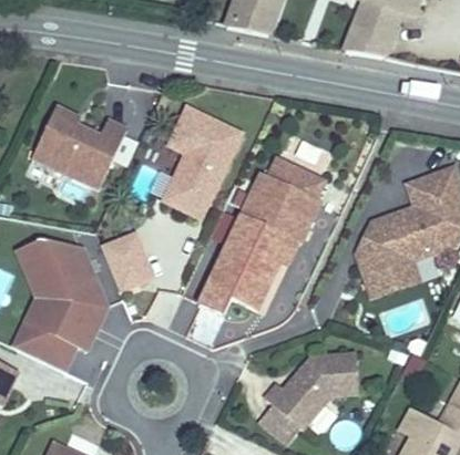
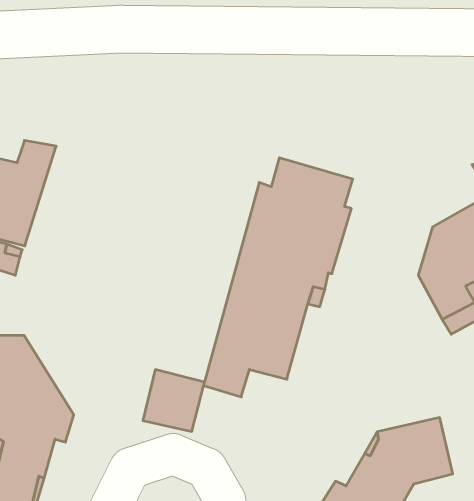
building: [164,107,239,215] -> none
building: [101,232,152,288] -> none

